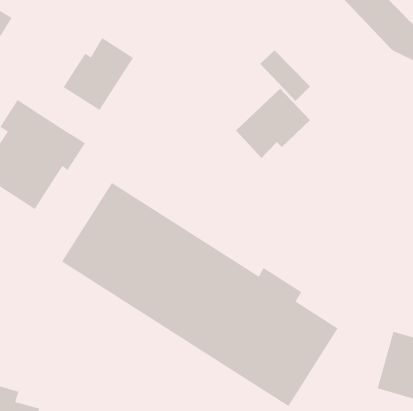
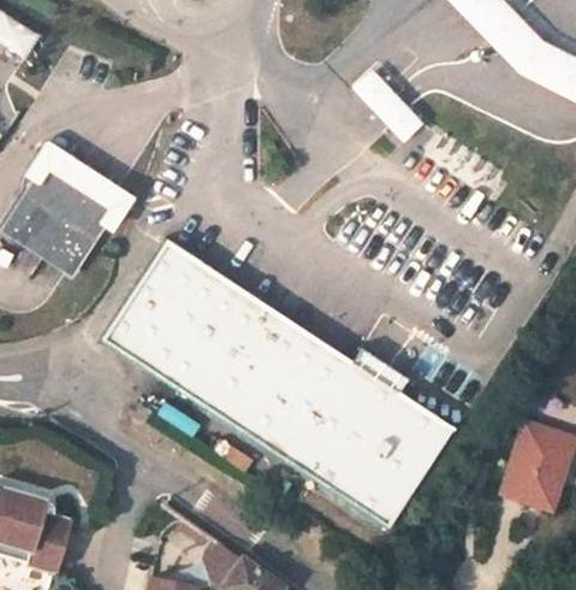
building: [63,37,134,111] -> none
building: [235,88,311,159] -> none

